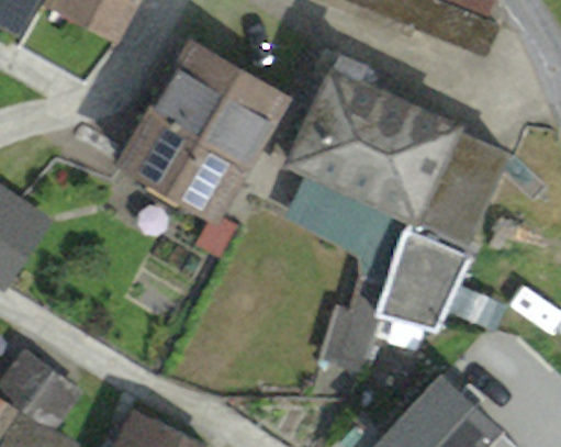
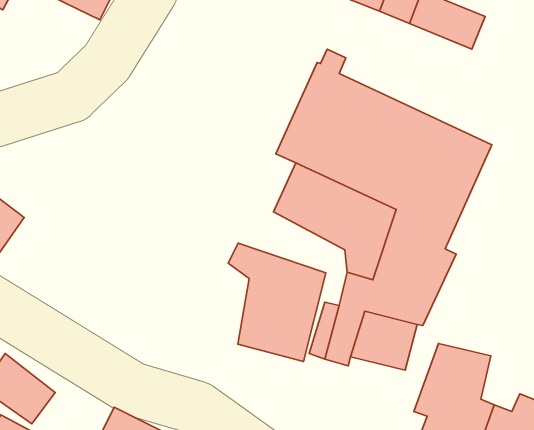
building: [122,42,281,211] -> none
building: none -> [228,243,326,361]

